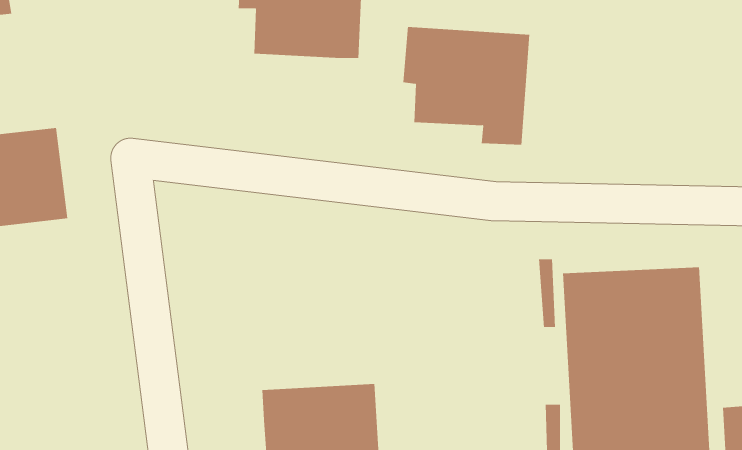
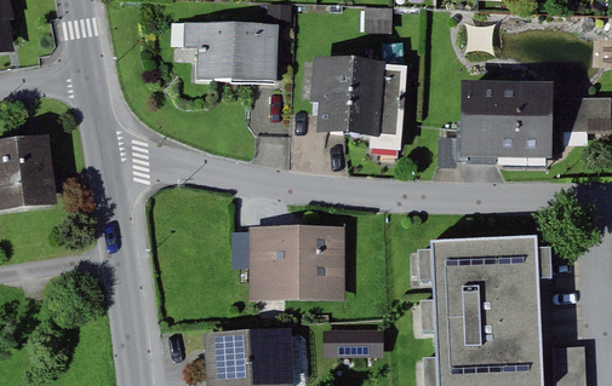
building: none -> [459,81,551,159]
building: none -> [250,225,343,298]

